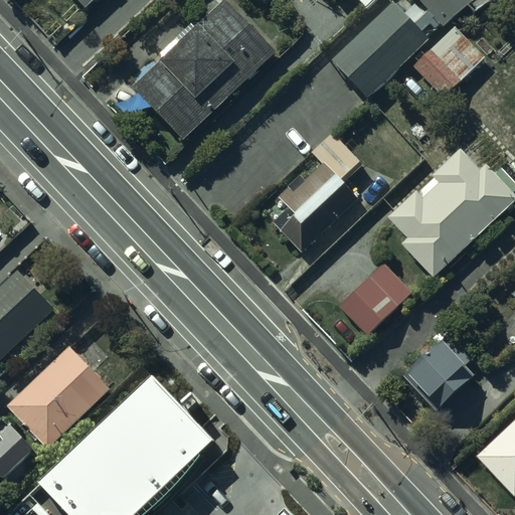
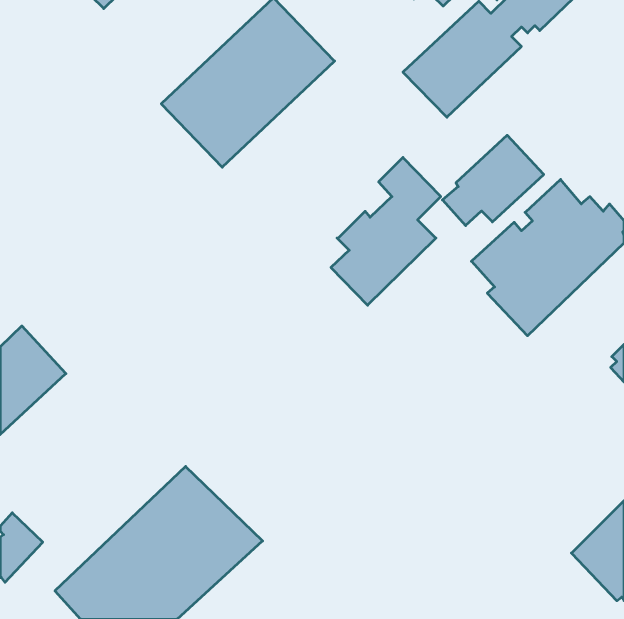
building: [402,25,486,100] -> [442,135,544,226]
building: [340,262,412,334] -> none
building: [394,330,471,409] -> none
building: [7,346,110,448] -> none

